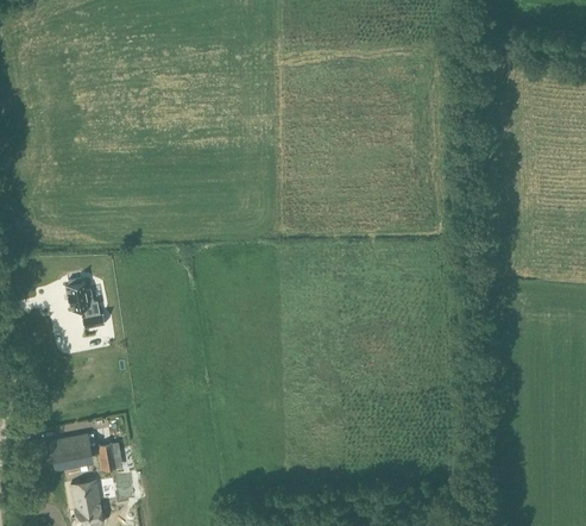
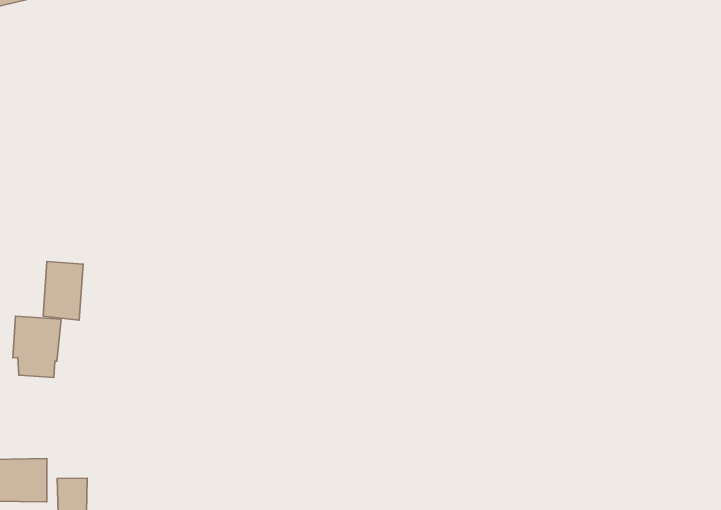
building: none -> [13,316,61,378]

